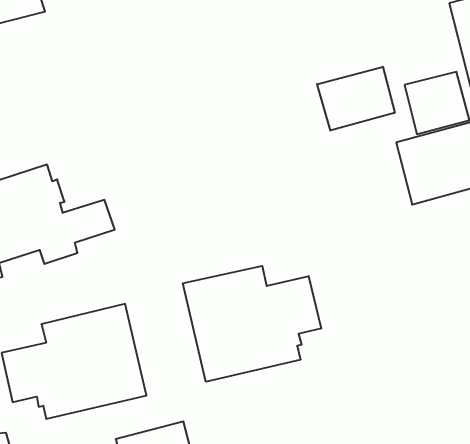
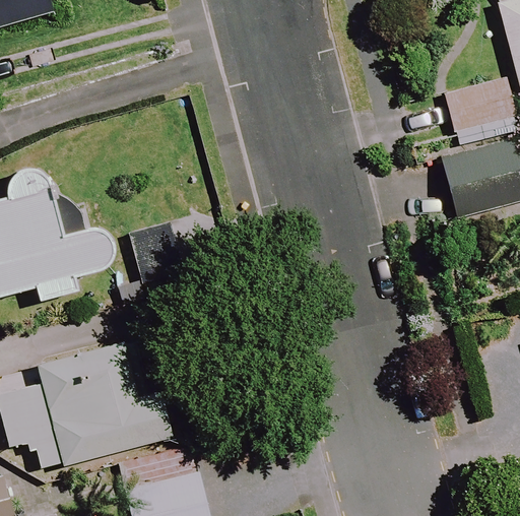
building: [317,67,395,131] -> none
building: [183,266,321,382] -> none

